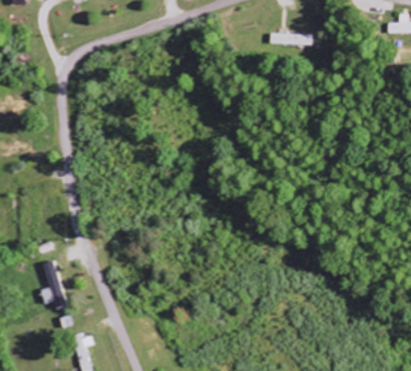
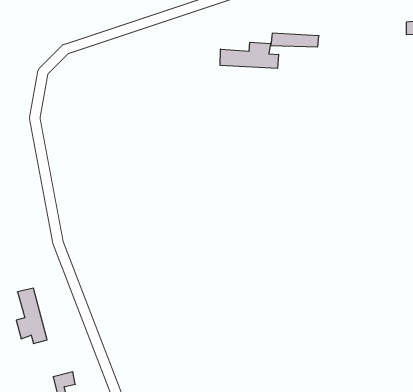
building: none -> [220,42,278,68]

